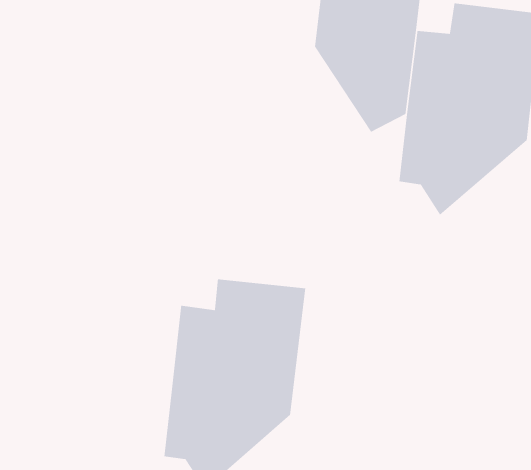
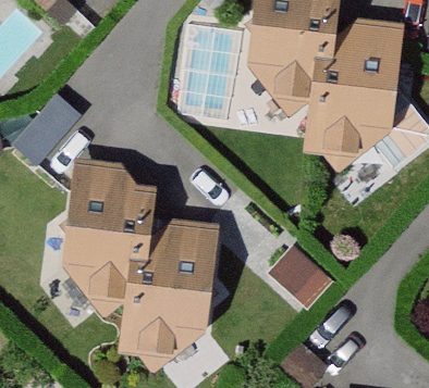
building: none -> [70,158,150,318]

